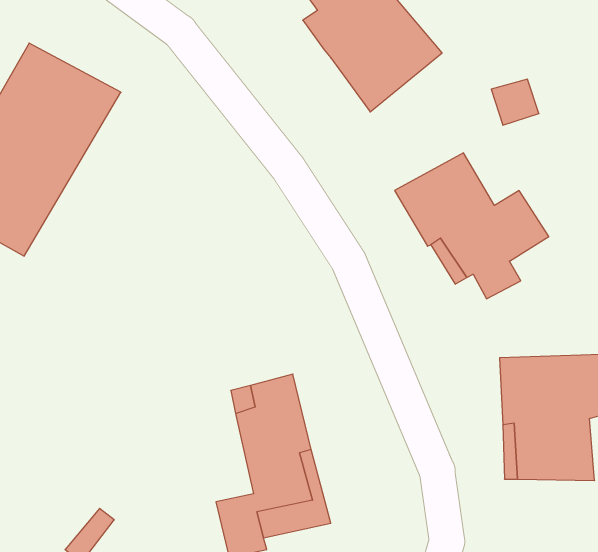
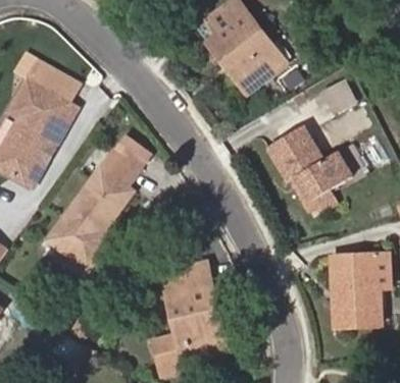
building: none -> [43,133,152,273]

